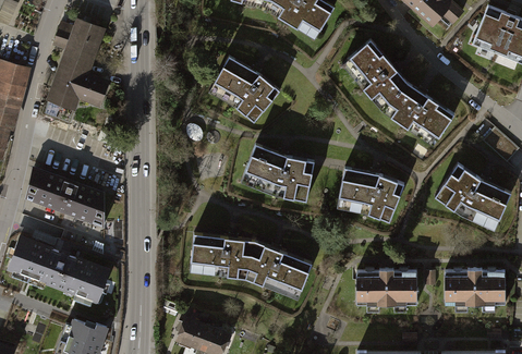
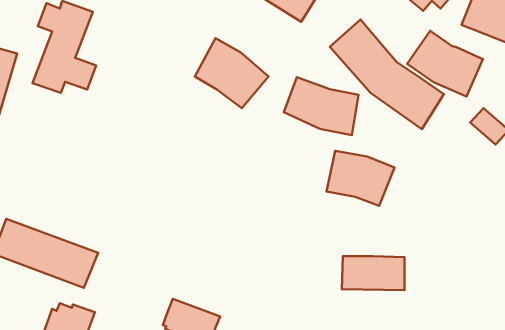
building: [241,145,315,203] -> [284,77,358,135]
building: [435,163,510,229] -> [407,31,483,97]
building: [26,166,105,225] -> none
building: [189,231,316,297] -> none
building: [444,272,500,306] -> none

